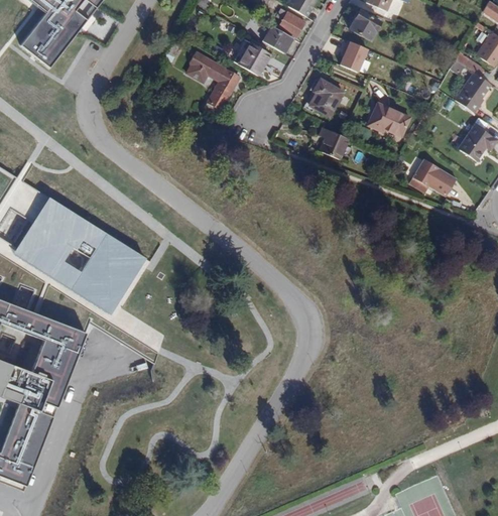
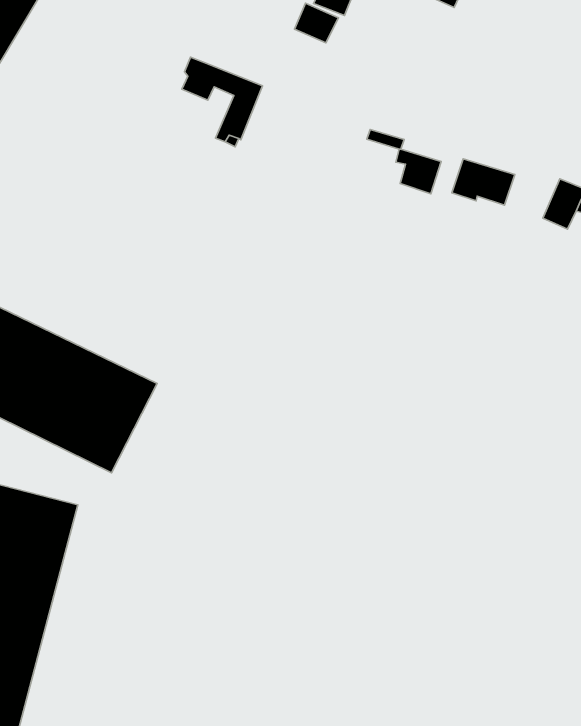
building: [341,40,371,73] -> none
building: [237,41,268,75] -> none
building: [308,78,343,116] -> none
building: [367,103,409,136] -> [452,159,515,205]

